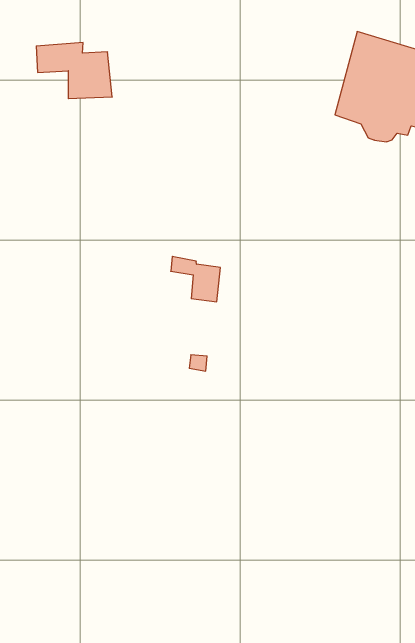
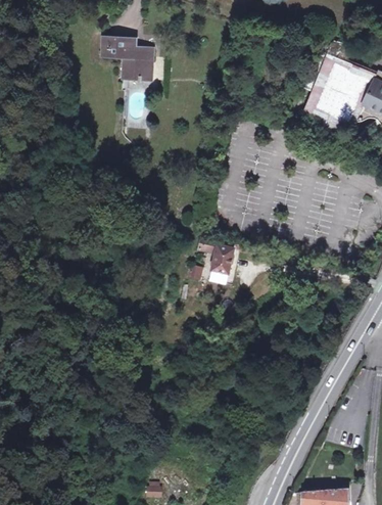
building: [171,256,220,302] -> [196,238,231,273]

